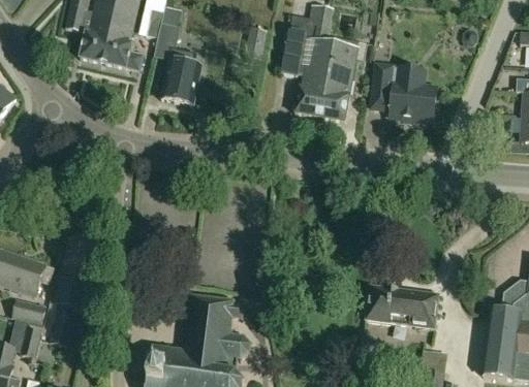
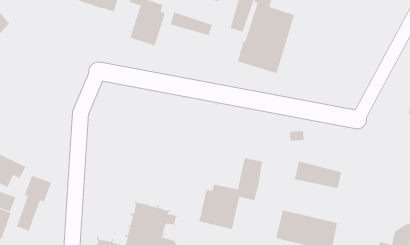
building: none -> [170,11,212,36]
building: [370,63,436,119] -> none
building: none -> [294,161,342,189]
building: none -> [199,157,263,230]

